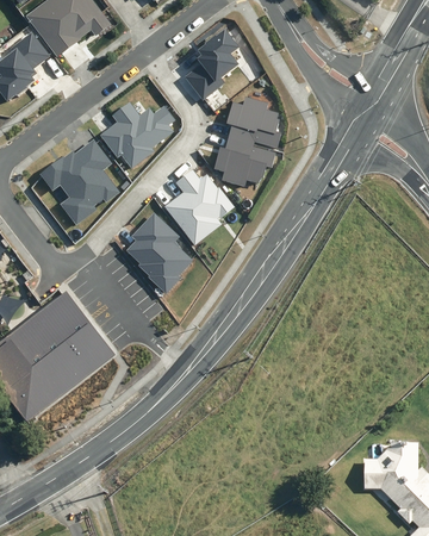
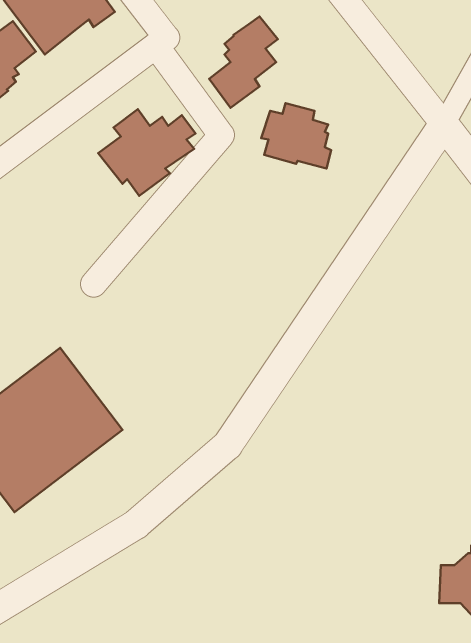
building: [213,137,275,187] -> none
building: [39,141,119,225] -> none
building: [164,170,234,244] -> none
building: [125,213,192,294] -> none

